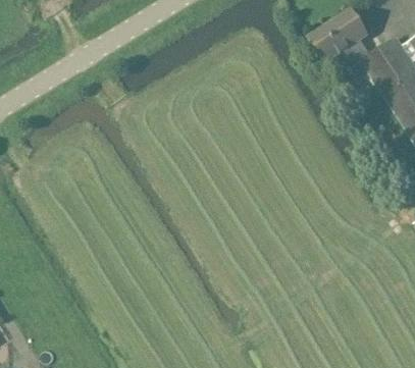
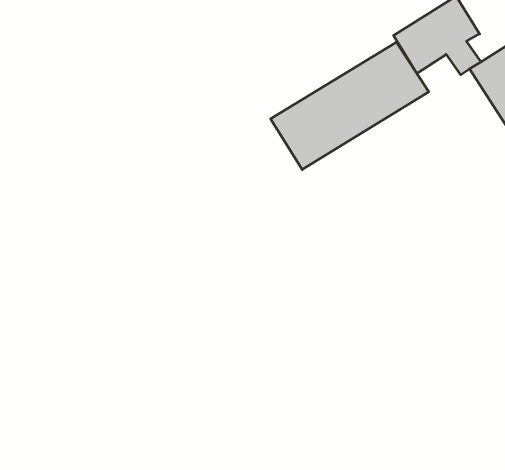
building: none -> [271,42,429,170]

